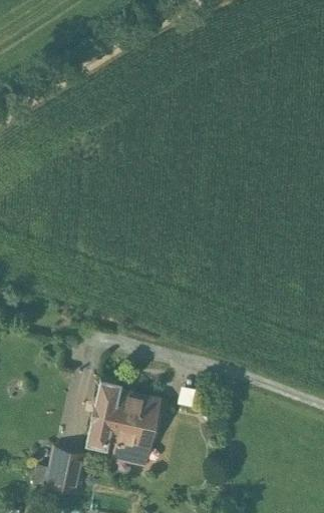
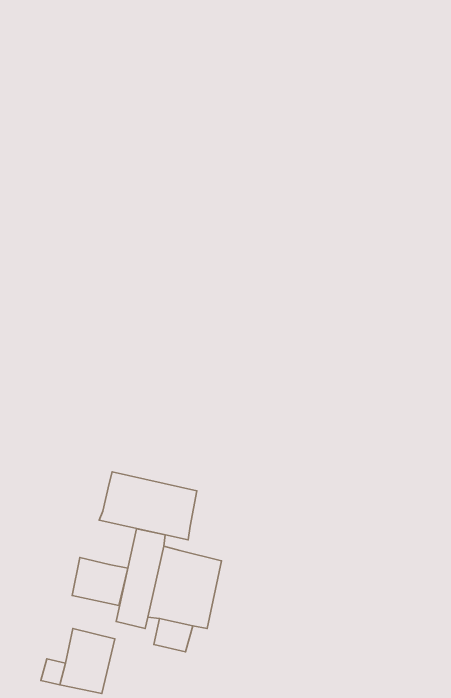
building: none -> [99,472,197,540]
building: none -> [72,558,128,605]

